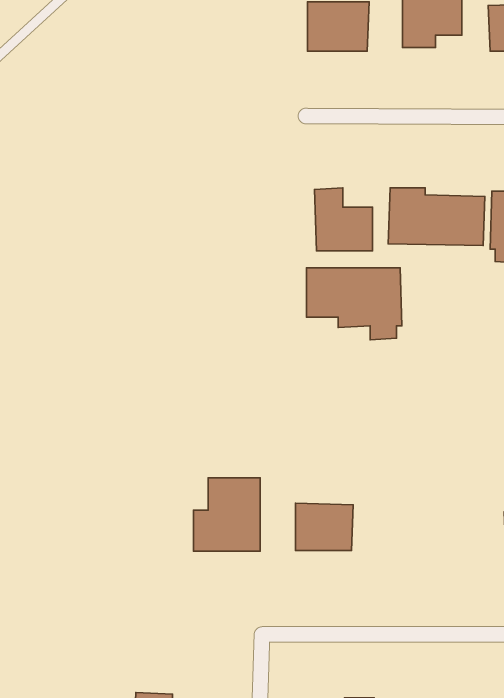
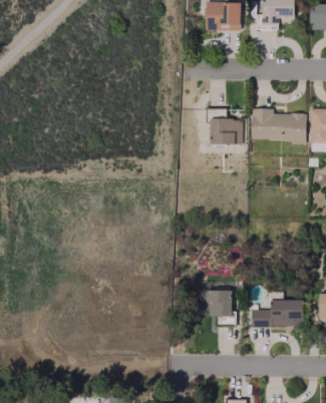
building: [306,268,402,340] -> none
building: [194,478,260,551] -> none
building: none -> [251,299,303,327]

